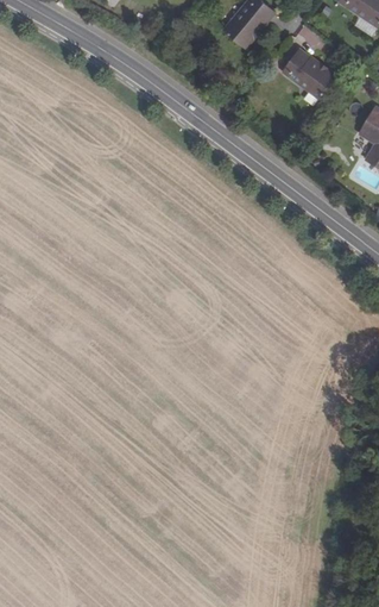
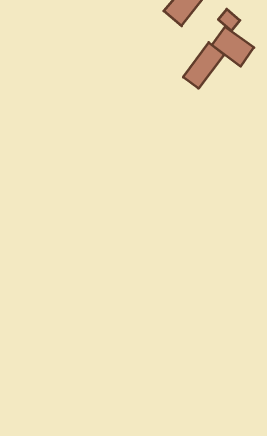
building: none -> [183,42,224,88]

